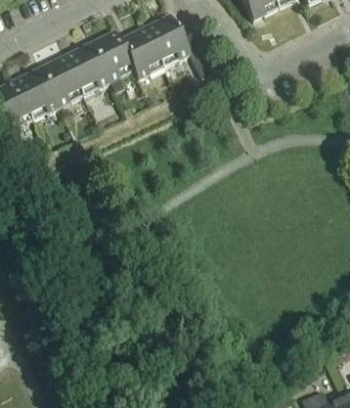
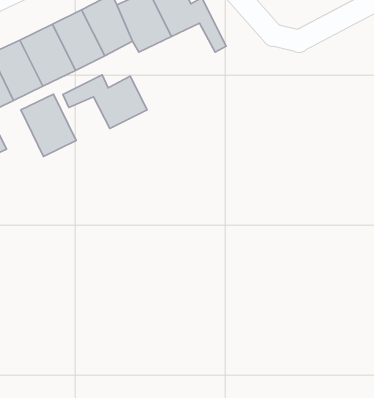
building: none -> [63,75,147,128]
building: none -> [21,94,76,156]

